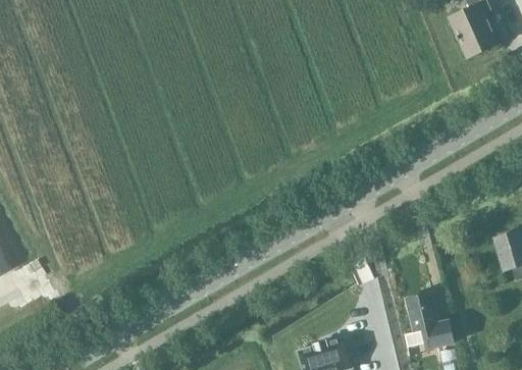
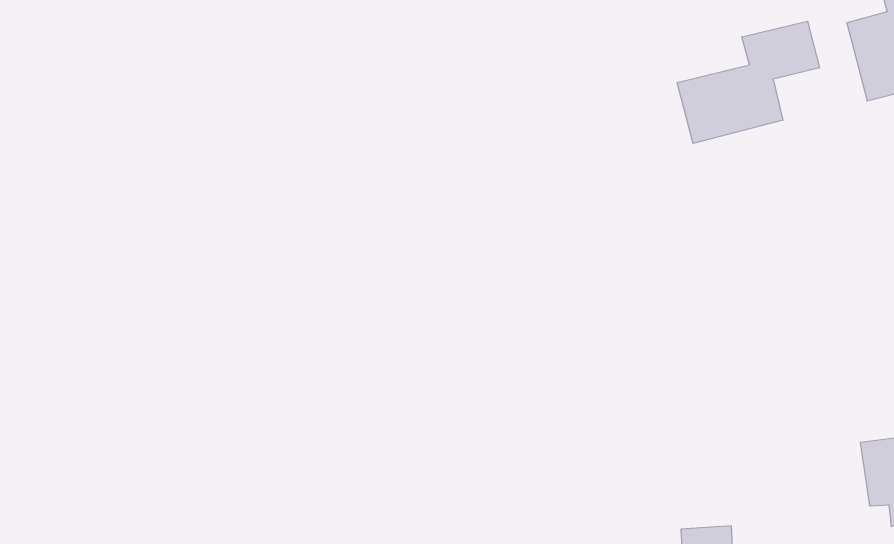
building: none -> [677,21,819,143]

